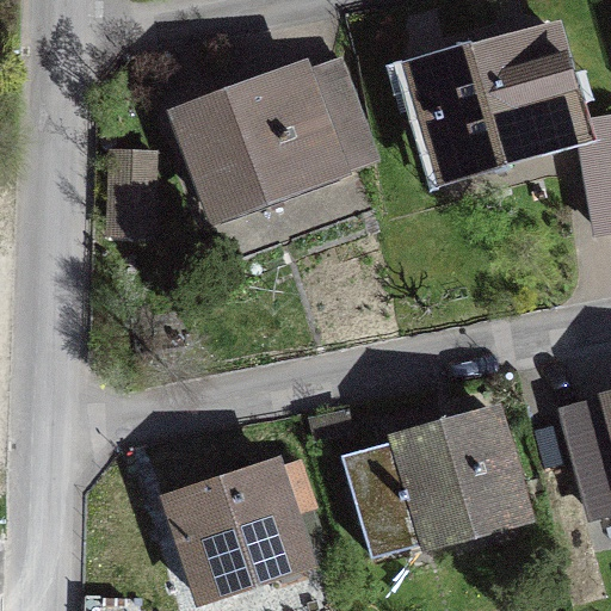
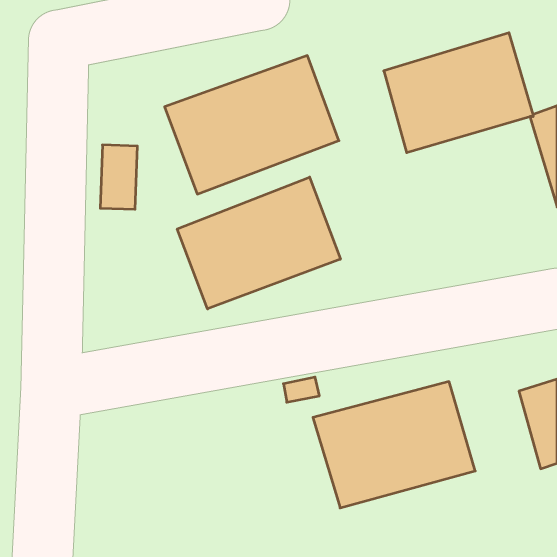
building: none -> [177,177,340,309]
building: [168,462,313,599] -> none

